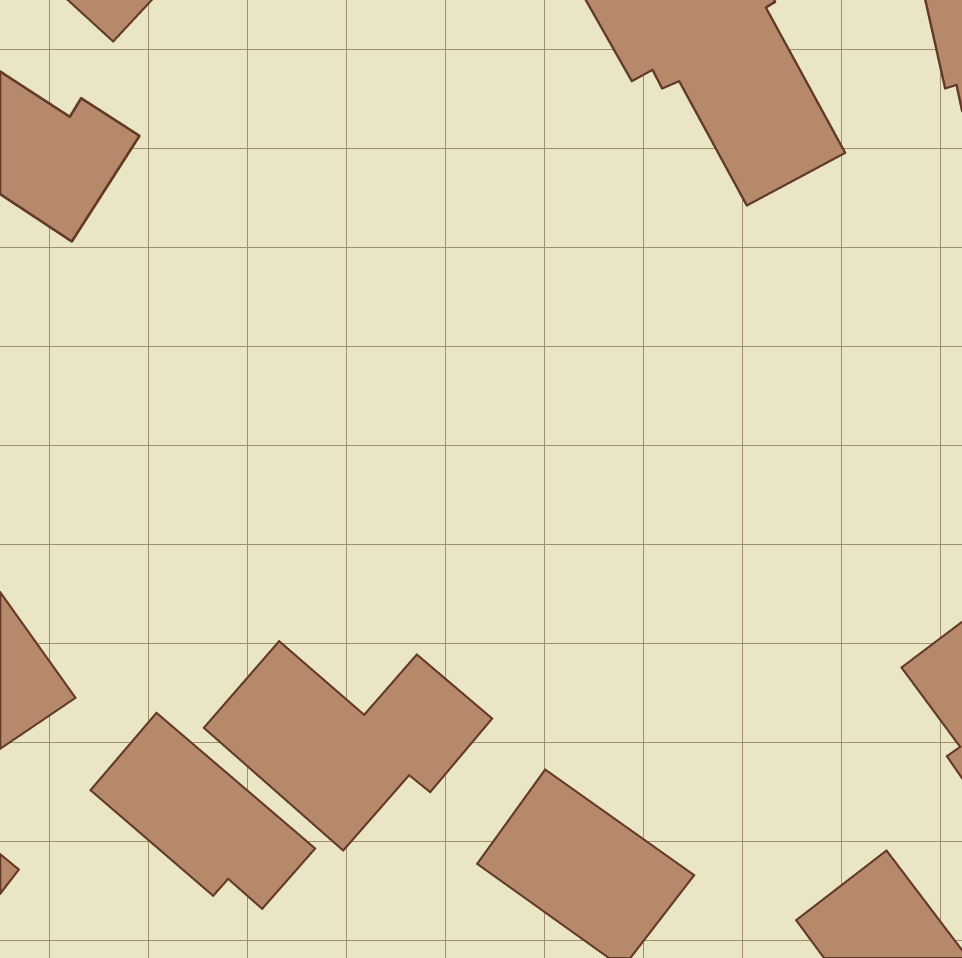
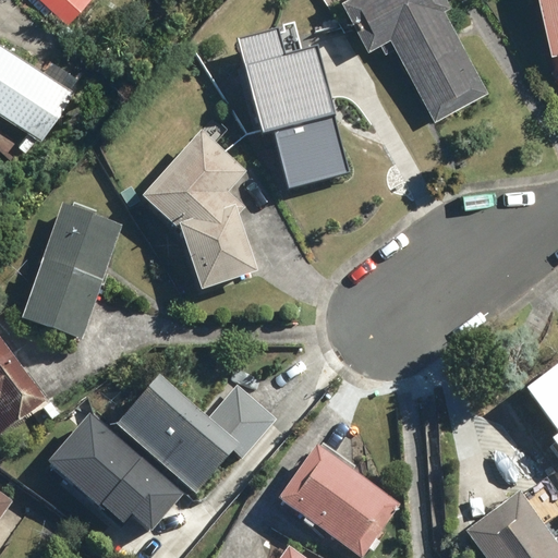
building: none -> [233,28,349,191]
building: none -> [140,130,256,292]
building: none -> [19,203,123,342]

